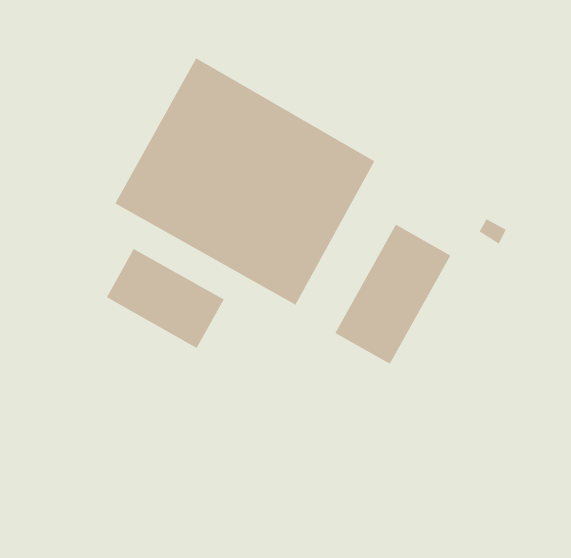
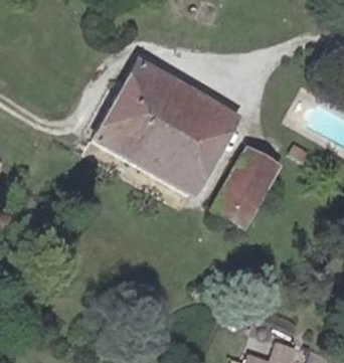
building: [106,248,224,349] -> none

